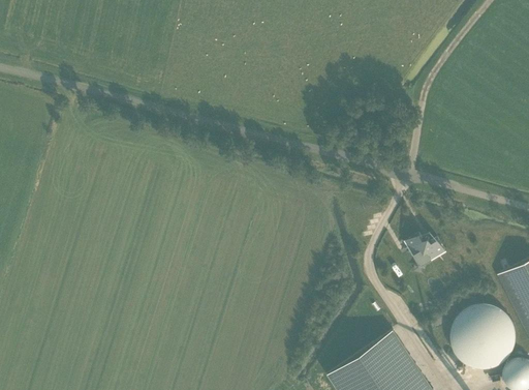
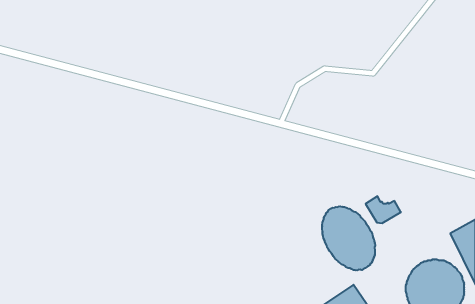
building: none -> [322,206,375,270]

